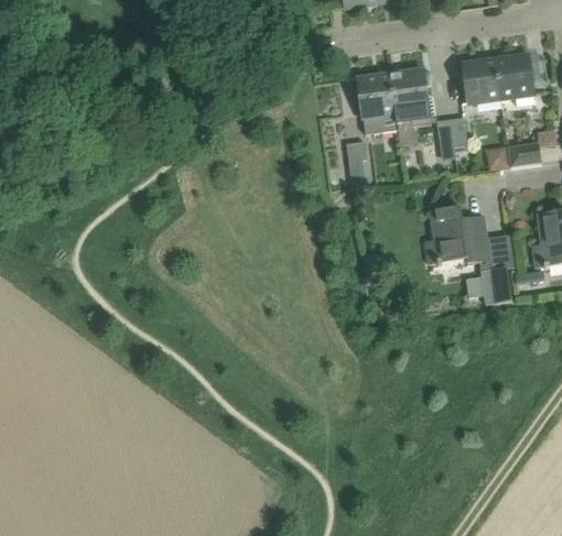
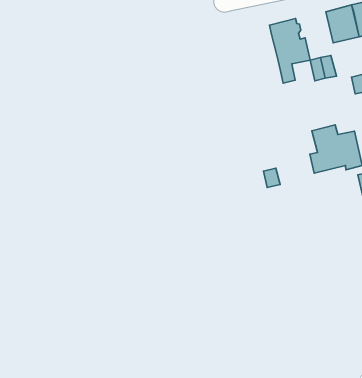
building: [357,73,398,133] -> none
building: [346,142,371,187] -> none

